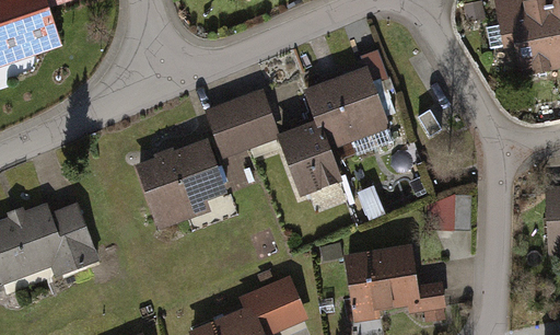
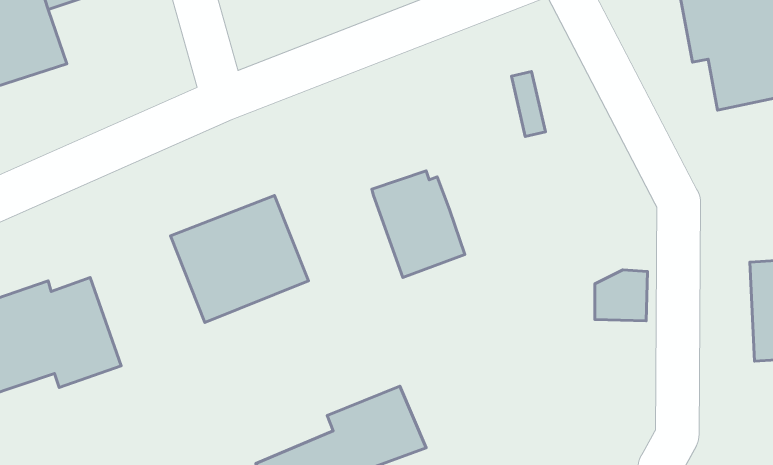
building: [302,68,387,150] -> none
building: [200,89,276,161] -> none
building: [347,243,450,321] -> none

